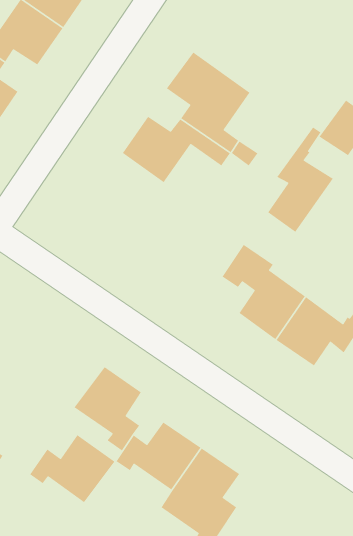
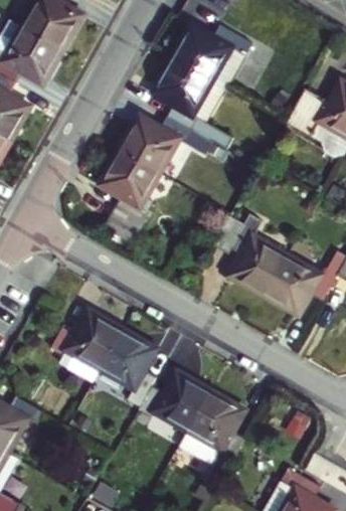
building: none -> [173,25,244,90]
building: [267,127,334,233] -> none
building: none -> [101,150,158,240]
building: [29,434,115,503] -> [50,310,122,367]

